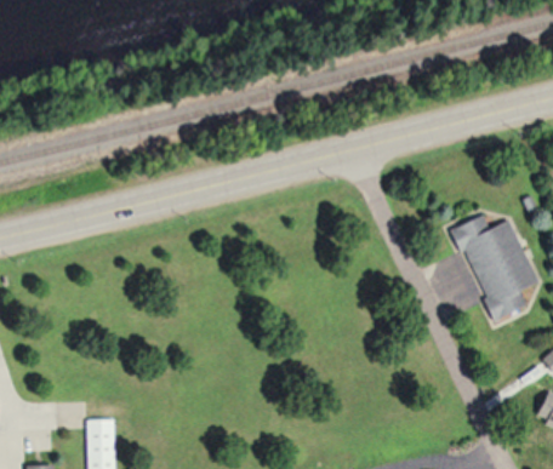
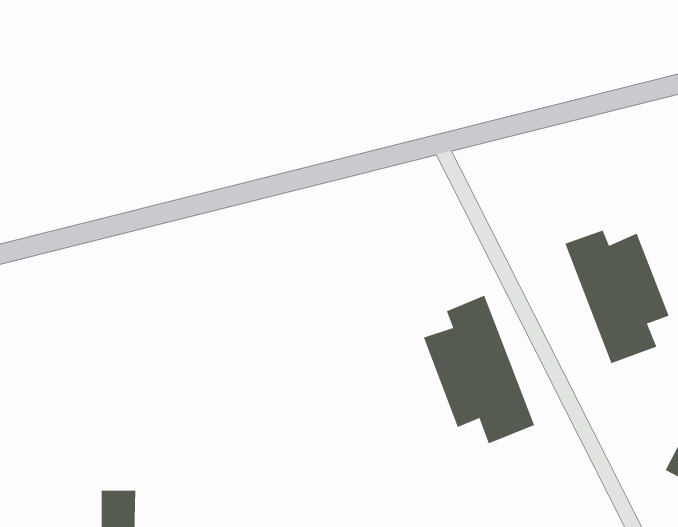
building: none -> [423,295,535,444]

